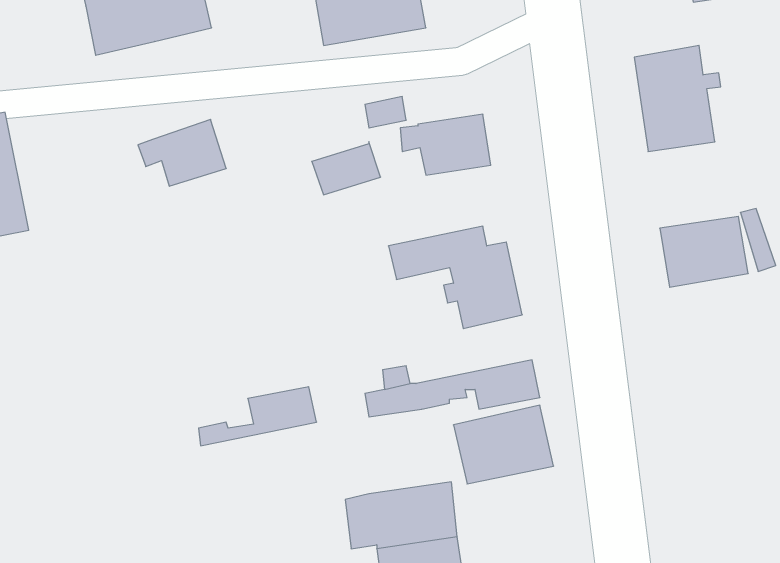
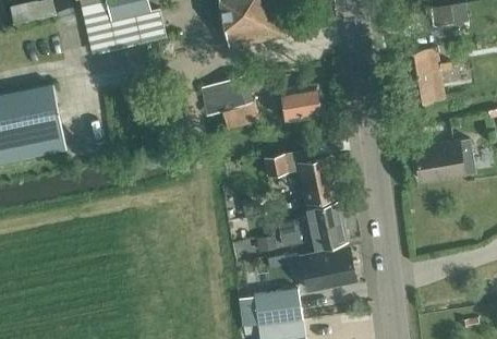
building: [138,119,226,186] -> [204,75,253,112]
building: [199,387,317,446] -> [278,203,343,235]

